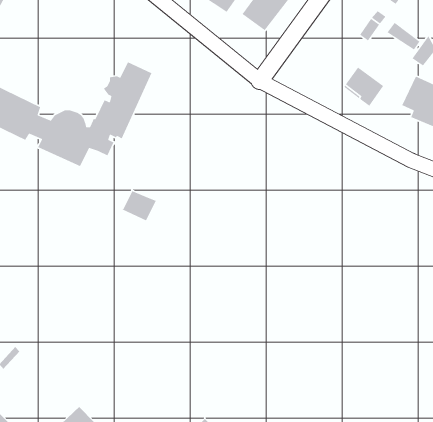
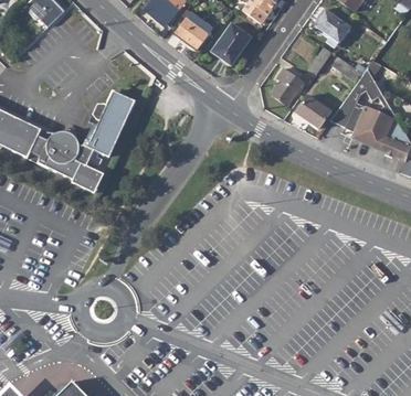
building: none -> [271,68,304,106]
building: [122,190,157,221] -> [73,164,103,191]

